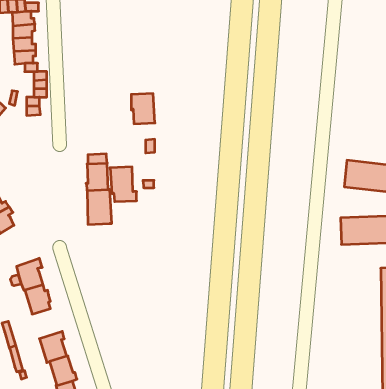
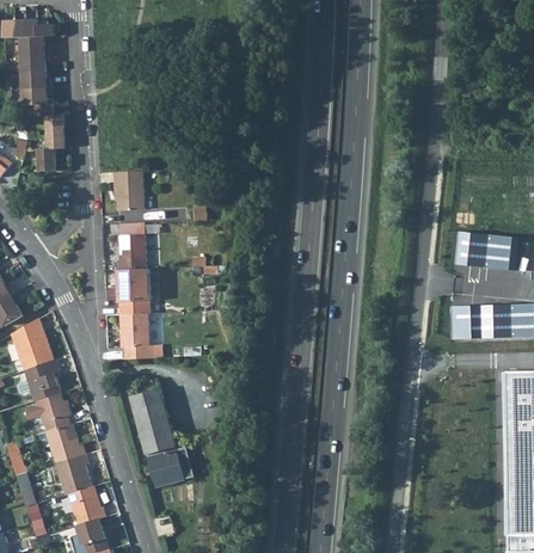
building: [131,94,155,124] -> [113,171,145,210]
building: [110,167,137,202] -> [118,313,153,358]
building: none -> [11,318,53,369]
building: none -> [130,379,194,489]
building: none -> [45,424,85,463]

